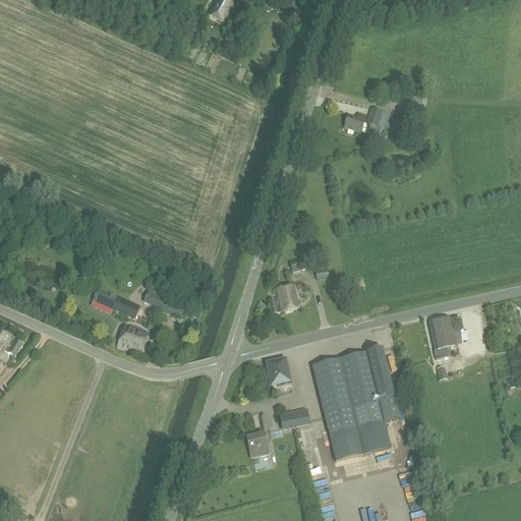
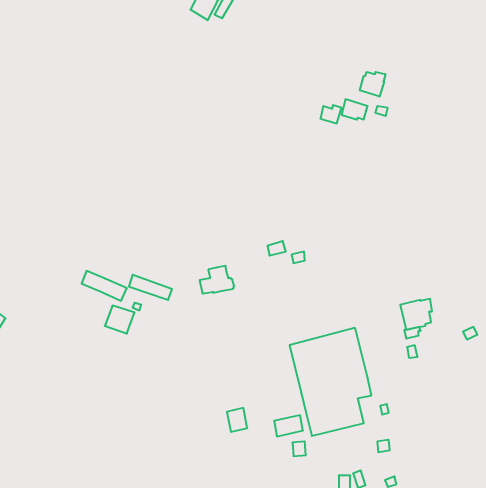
building: none -> [360,72,385,97]
building: [266,282,302,311] -> [200,266,234,294]
building: [266,358,288,383] -> none
building: [278,406,308,428] -> [274,415,303,436]

